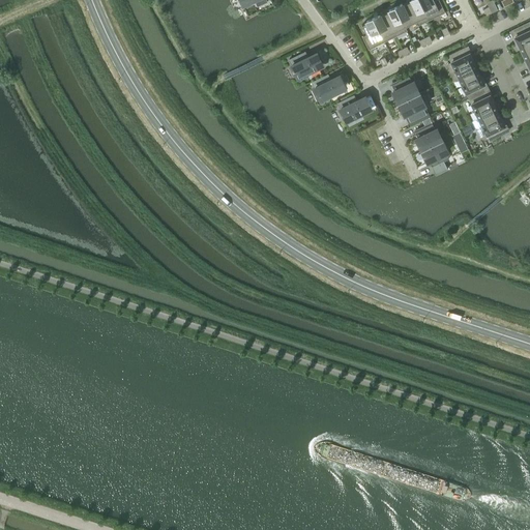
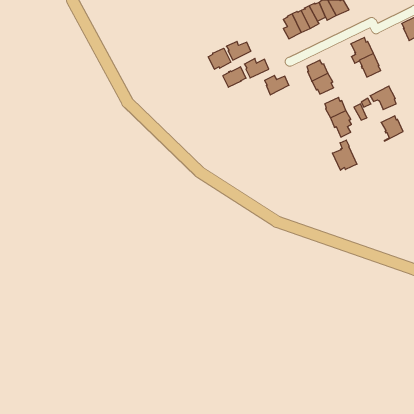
building: none -> [208,48,231,69]
building: none -> [223,67,246,87]
building: [469,91,497,123] -> [381,116,403,141]
building: none -> [332,140,357,170]

